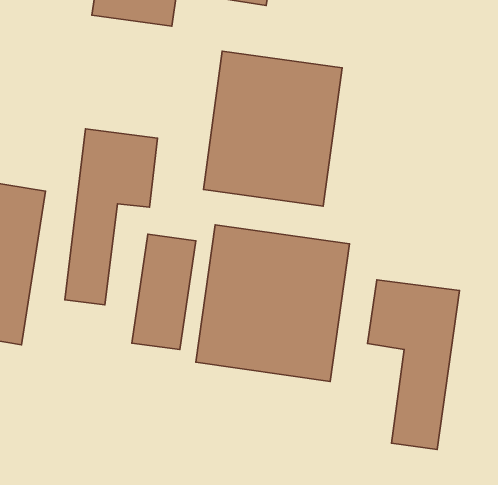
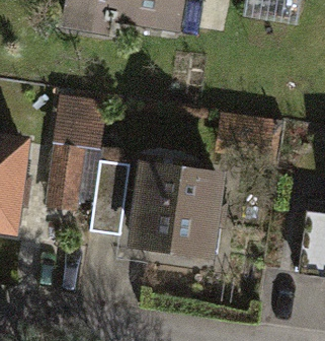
building: [203,51,342,206] -> none
building: [368,280,459,450] -> none

